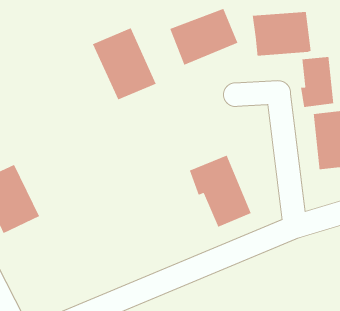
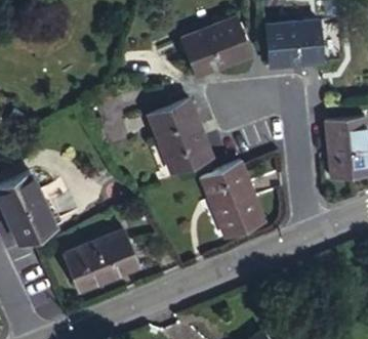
building: [92,27,157,101] -> [151,101,215,174]
building: [300,56,334,108] -> none
building: none -> [69,235,137,290]

